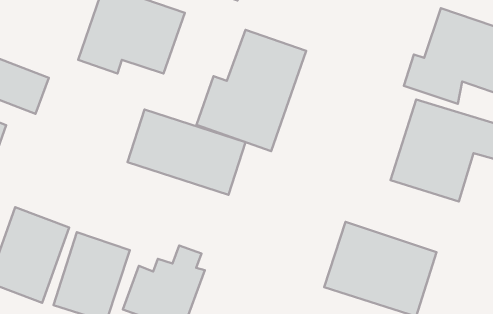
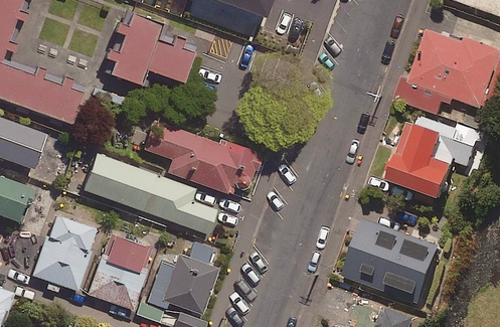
building: [197,30,306,151] -> none
building: none -> [81,149,219,233]

